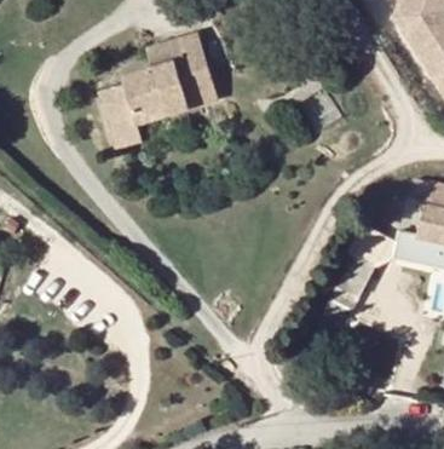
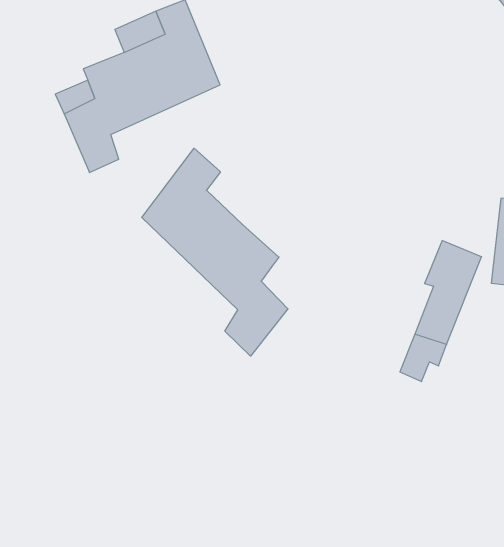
building: none -> [142,148,288,356]

